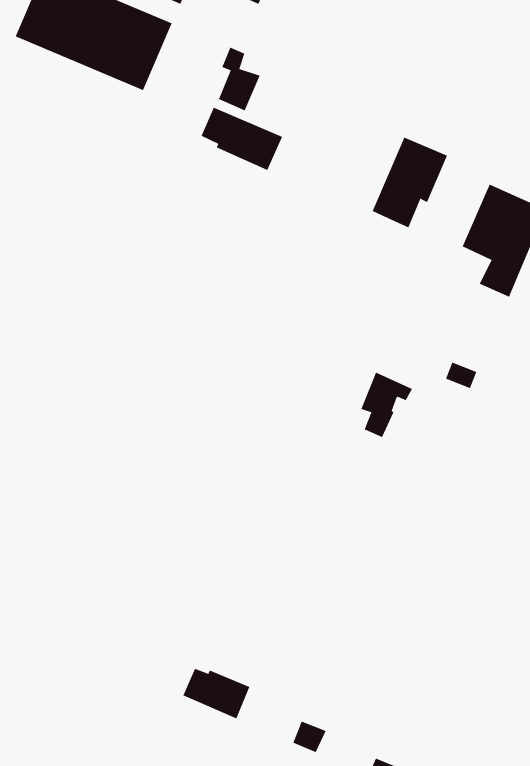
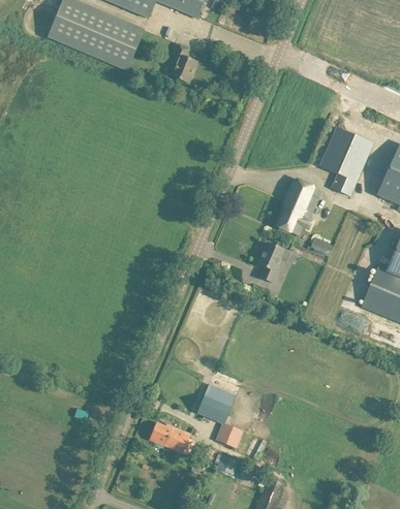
building: [201,107,283,171] -> none
building: [372,137,448,228] -> [275,180,321,235]
building: none -> [197,385,242,448]

